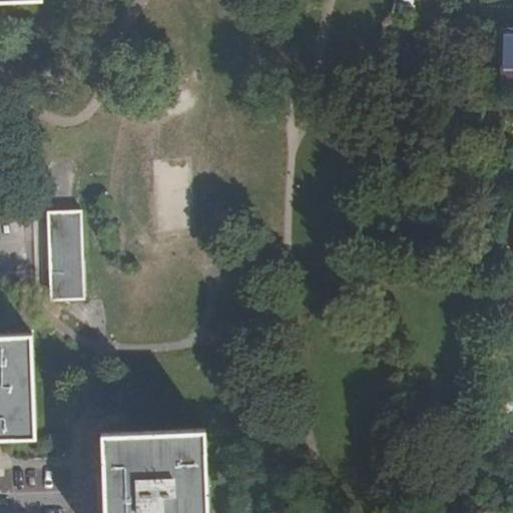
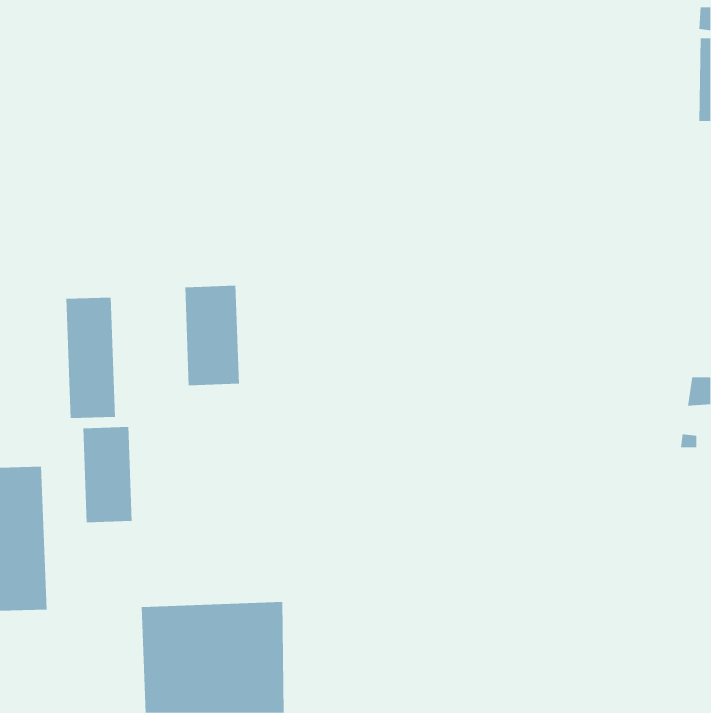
building: none -> [185,285,239,386]
building: none -> [83,426,132,523]

